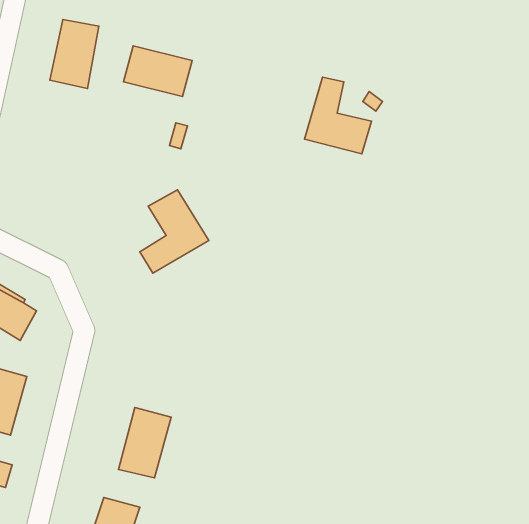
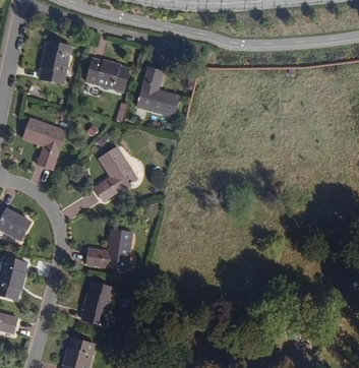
building: [304,77,372,154] -> [135,66,177,114]
building: none -> [25,117,68,168]
building: none -> [86,230,131,269]

